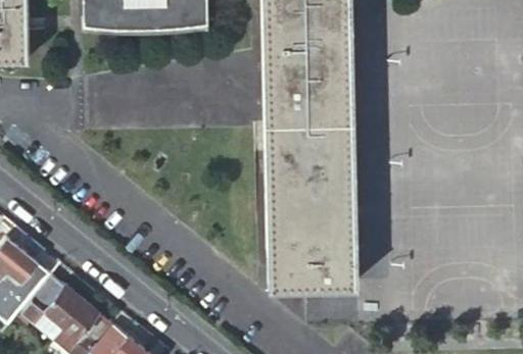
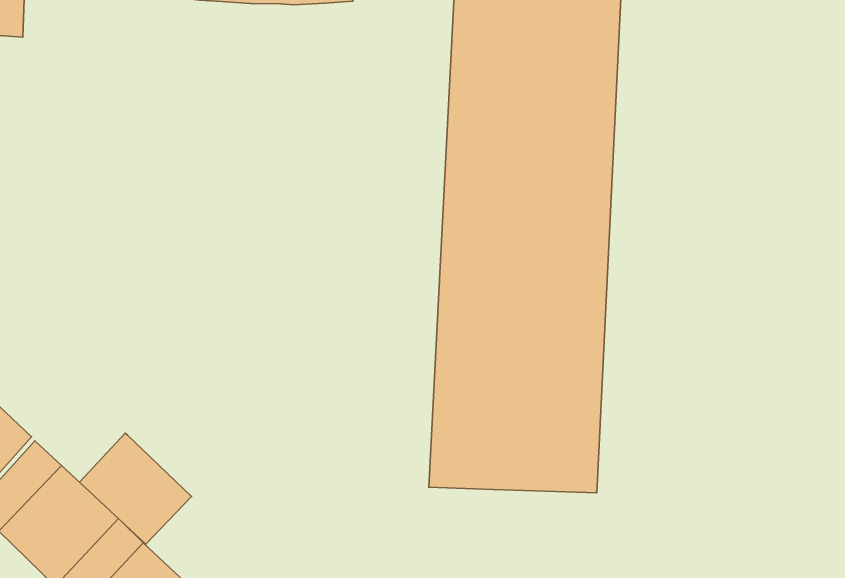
building: none -> [80,433,192,544]

